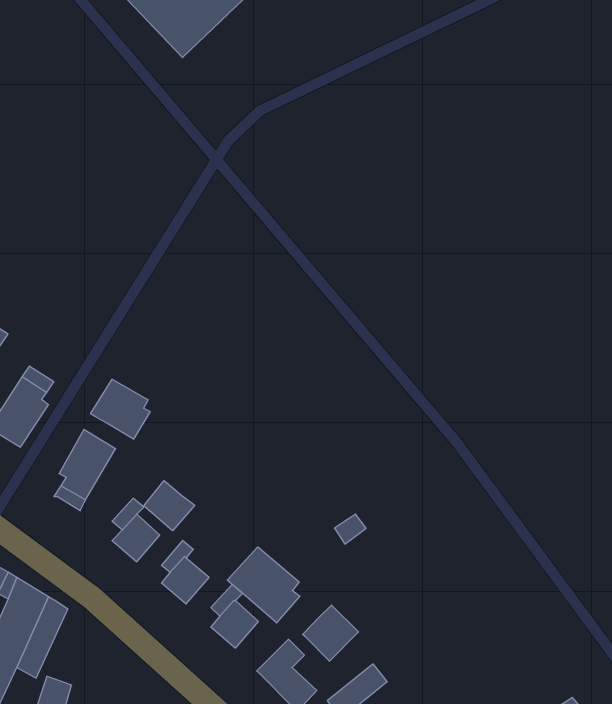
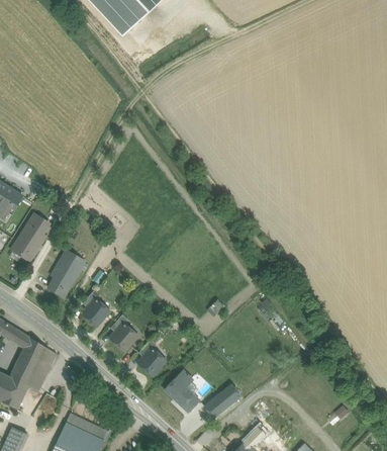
building: [91,379,150,439] -> none
building: [144,481,195,531] -> none
building: [227,547,300,623] -> none
building: [303,605,359,661] -> none

